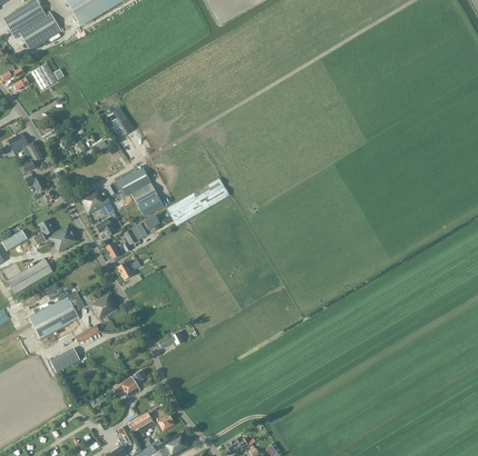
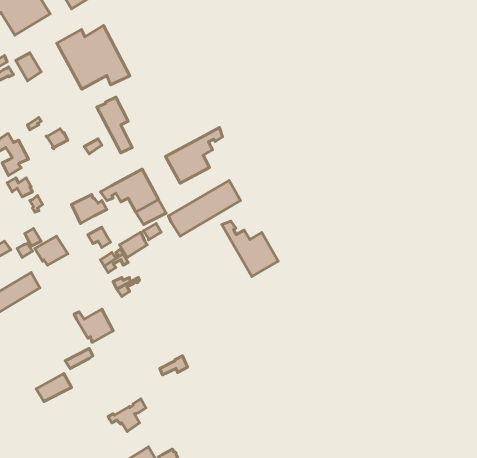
building: none -> [57,26,130,89]
building: none -> [166,128,222,183]
building: none -> [222,221,278,276]
building: [29,291,85,338] -> none

